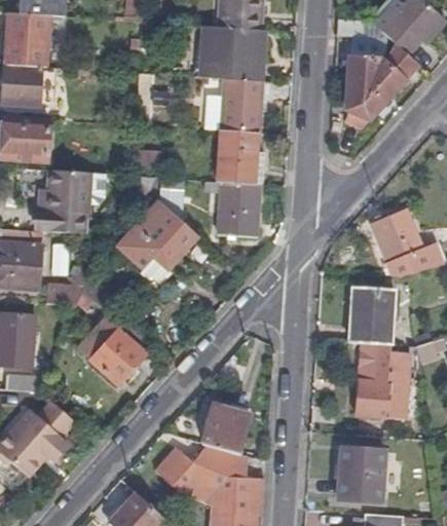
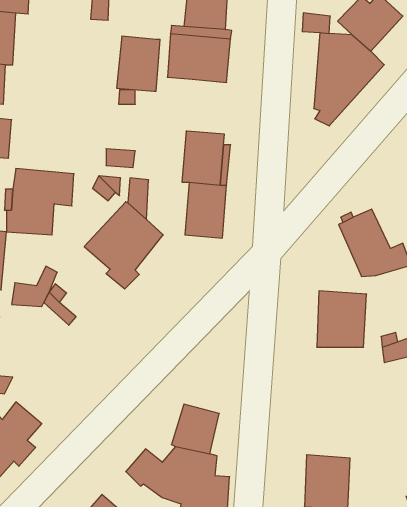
building: [220,81,263,136] -> [117,36,160,91]
building: [88,329,144,384] -> none
building: [352,346,407,418] -> none

